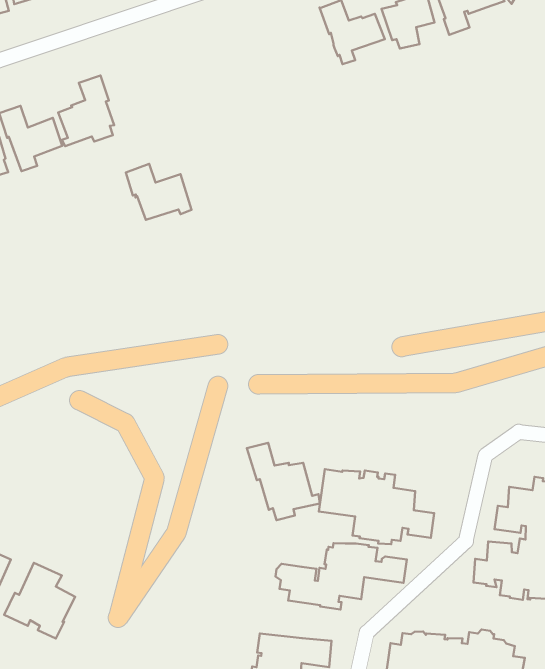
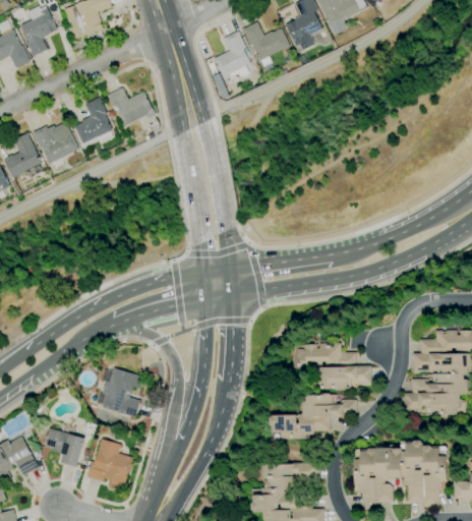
building: none -> [213,31,250,80]
building: [126,164,192,220] -> [107,86,156,125]
building: [247,443,320,520] -> none
building: none -> [96,366,143,417]

